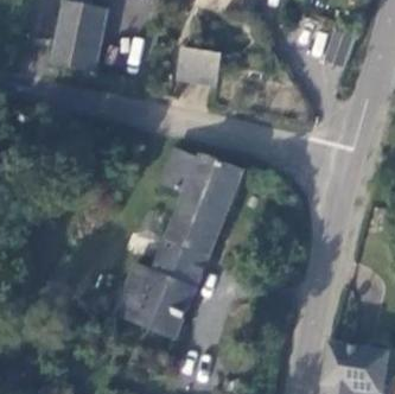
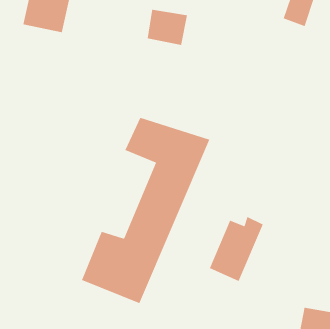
building: none -> [209,216,263,282]

